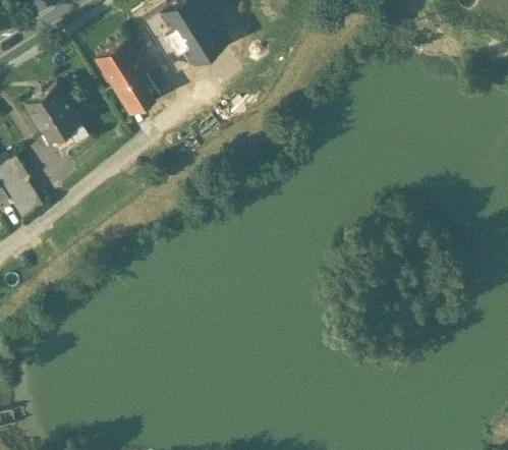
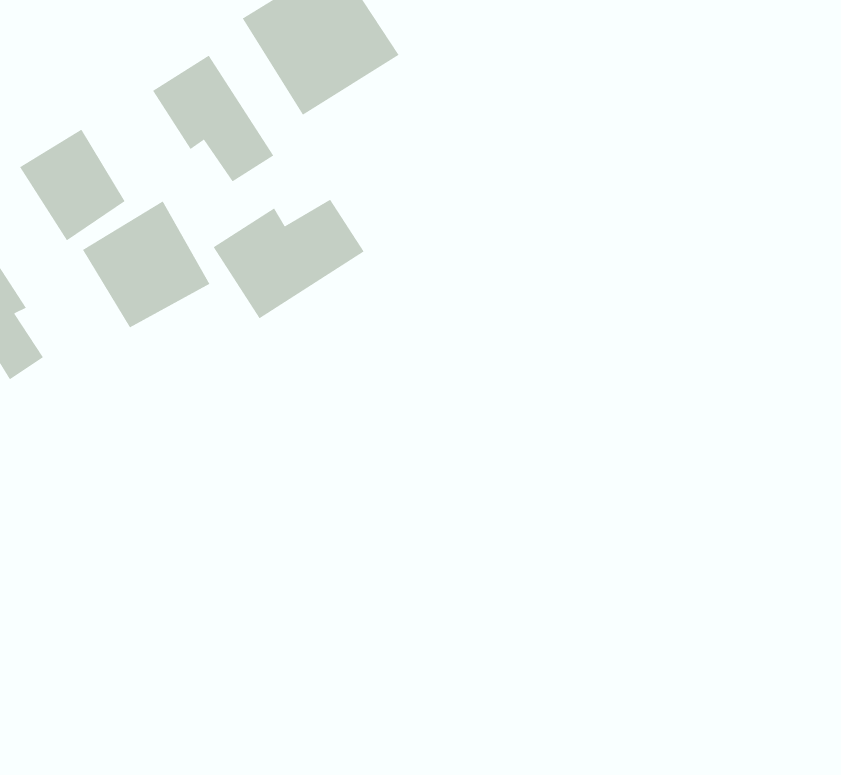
building: none -> [213,199,365,319]
building: none -> [82,200,210,328]

